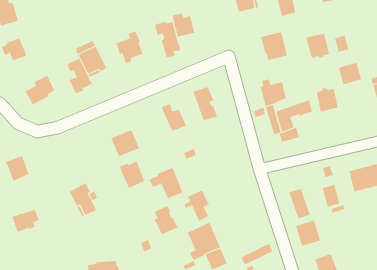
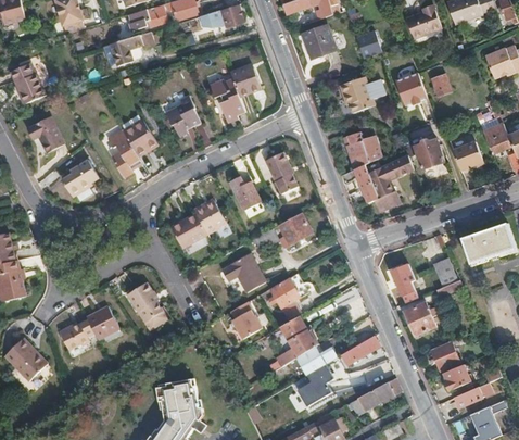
building: [338,62,362,85] -> [451,140,481,169]
building: none -> [279,213,312,244]
building: [5,156,30,181] -> [84,307,115,340]
building: [119,161,145,189] -> [192,200,226,235]

